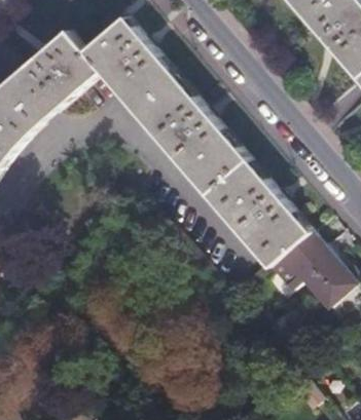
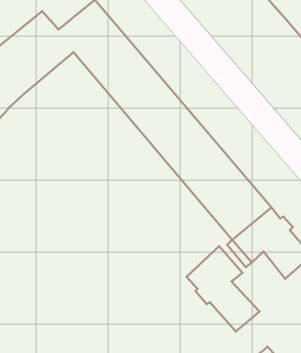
building: none -> [187,246,260,331]

